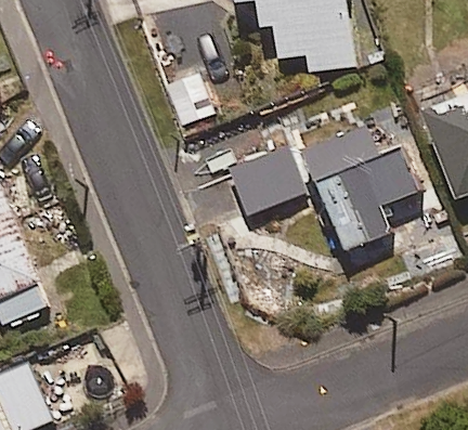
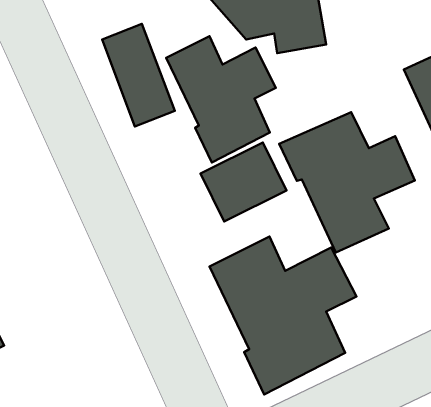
building: none -> [166,36,276,162]
building: none -> [209,236,356,394]

